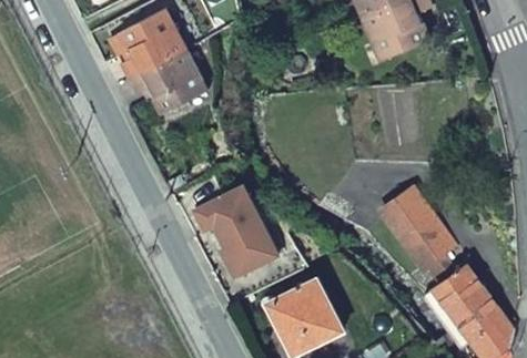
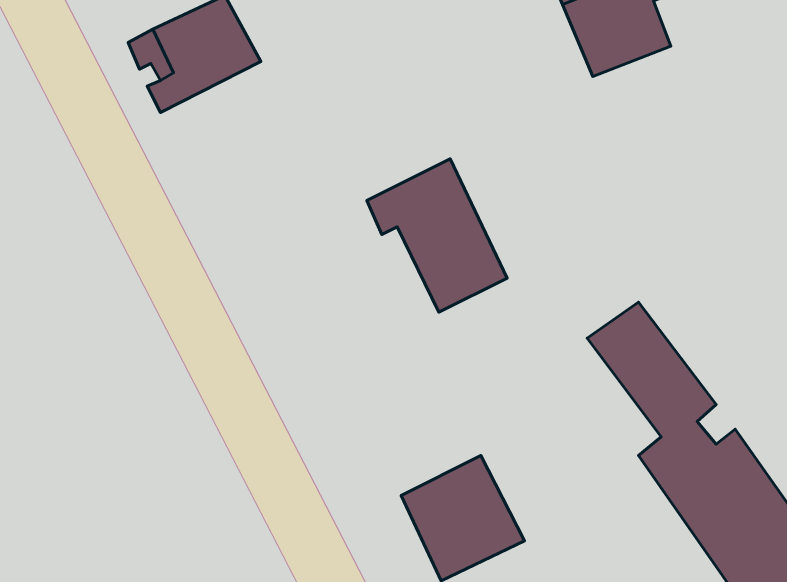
building: [129,48,207,111] -> none
building: [196,185,278,275] -> [367,159,507,312]

